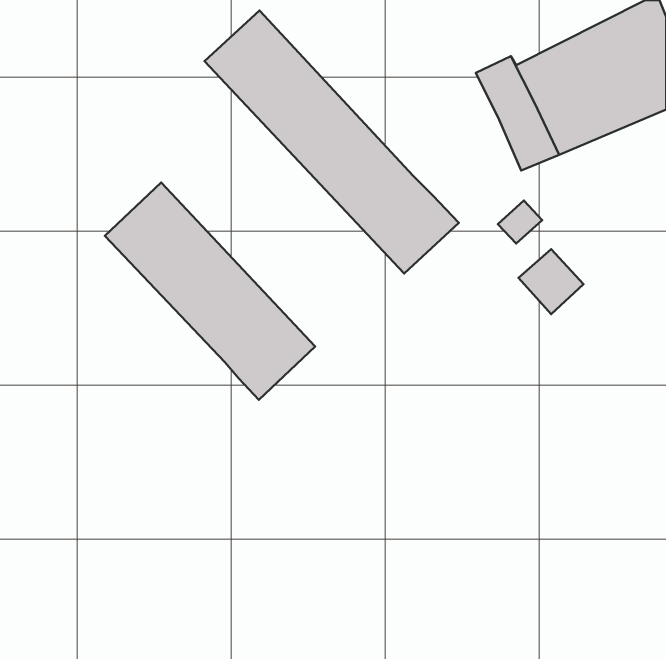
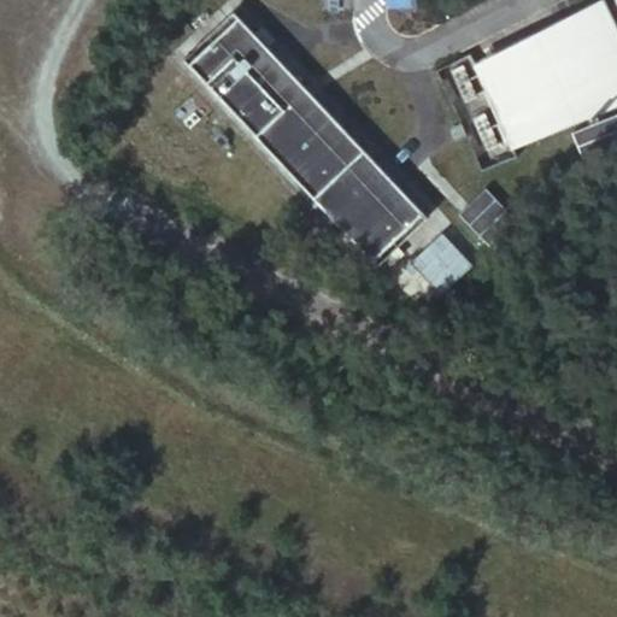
building: [105,182,315,400] -> none
building: [518,249,584,314] -> [411,234,471,294]

